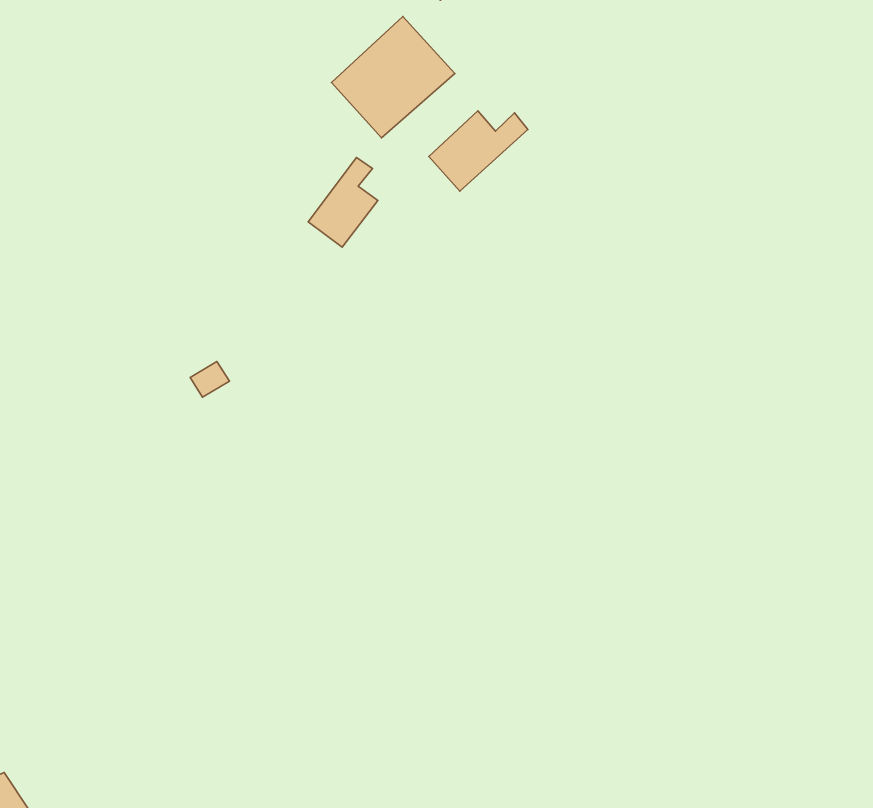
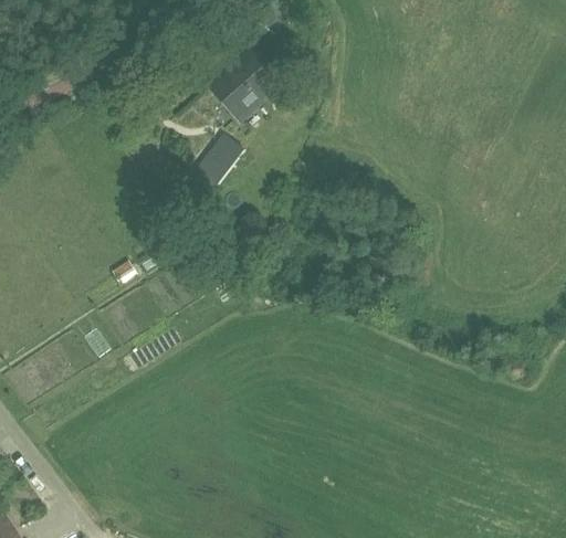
building: [429,111,528,191] -> none

